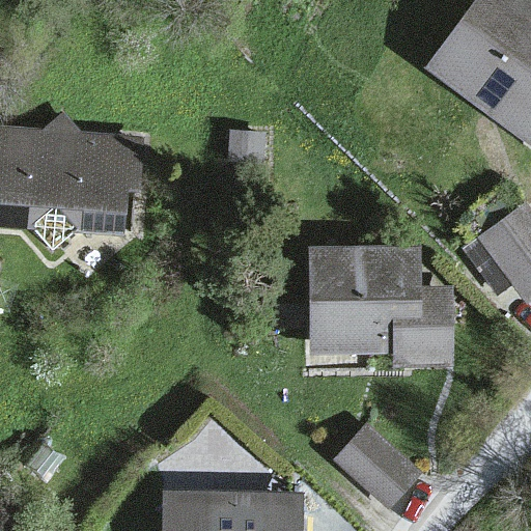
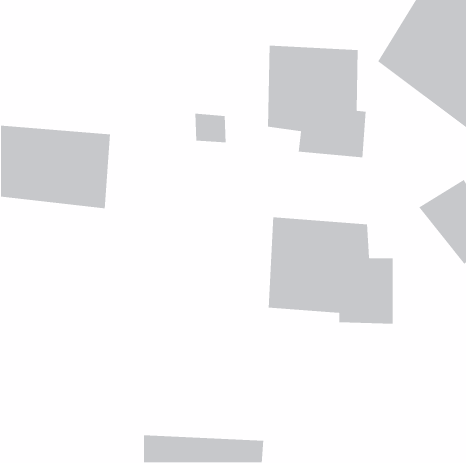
building: none -> [267,45,366,158]
building: [331,420,421,505] -> none

